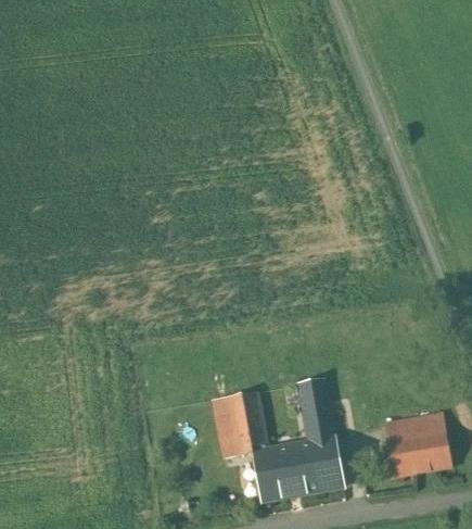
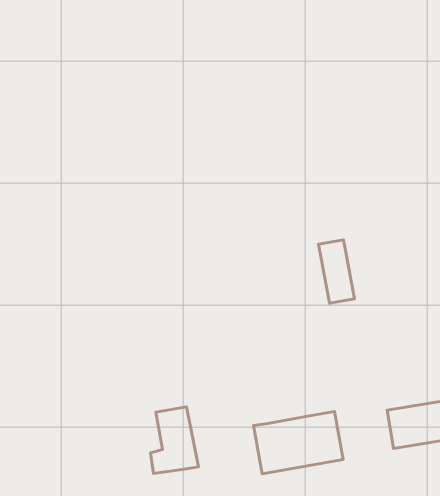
building: [298,379,334,442] -> [318,240,354,303]
building: [220,390,268,456] -> [150,407,199,473]

